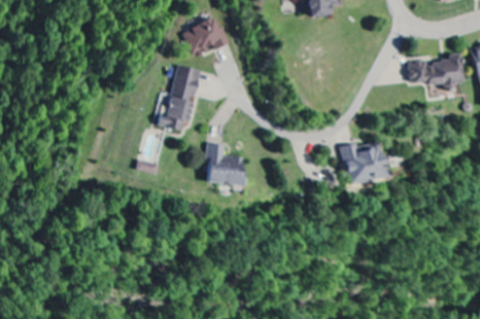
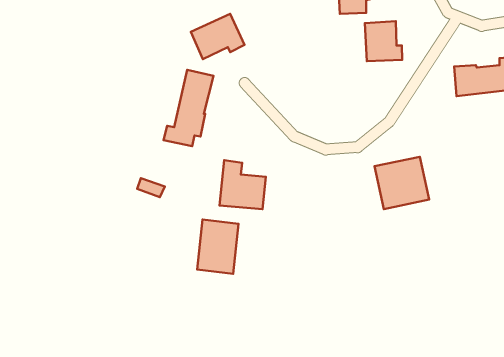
building: none -> [365,21,402,61]
building: none -> [197,220,238,274]

